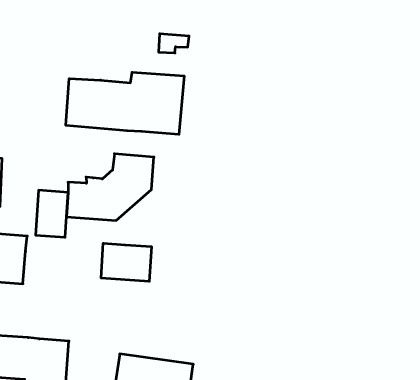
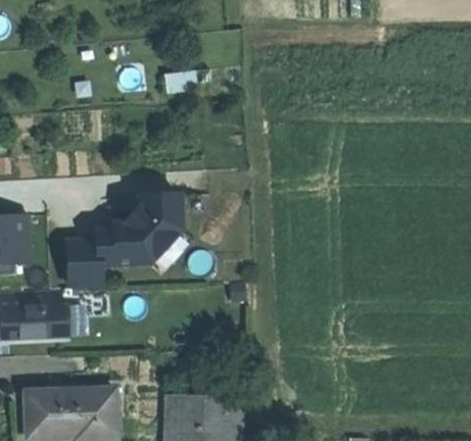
building: [66,72,184,134] -> none
building: [101,243,151,281] -> none

